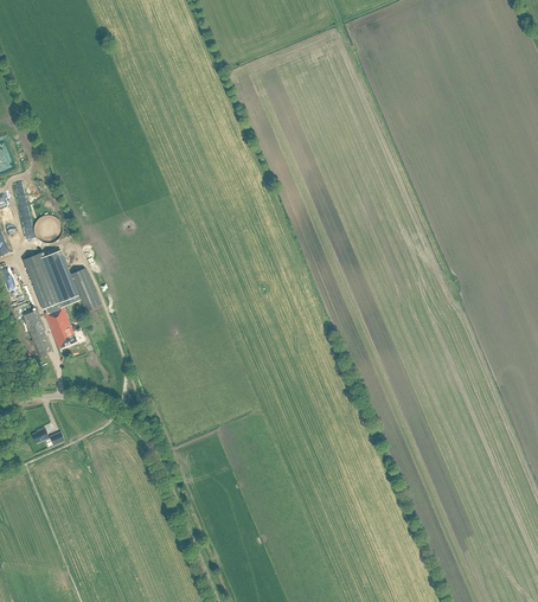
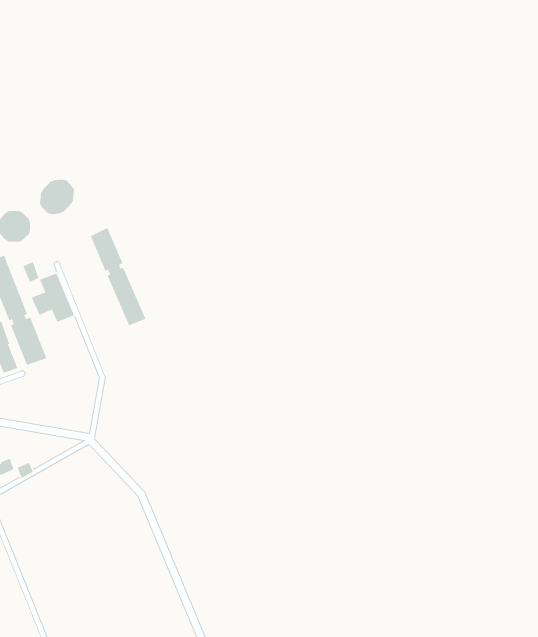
building: none -> [40,179,74,215]
building: none -> [90,227,146,326]

